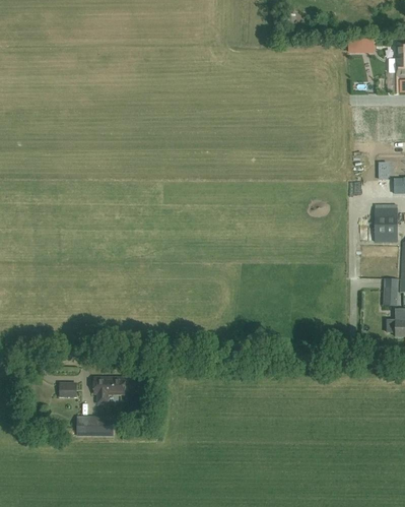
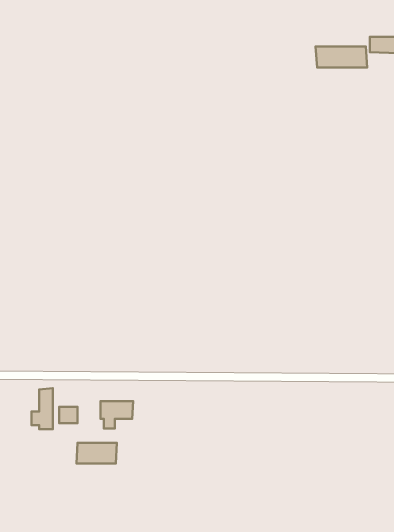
building: none -> [316,47,367,68]
building: none -> [31,388,53,429]

